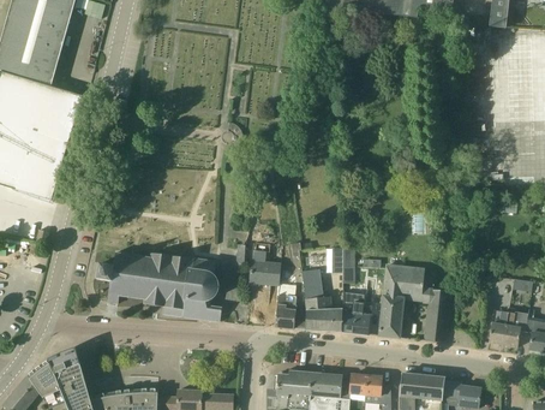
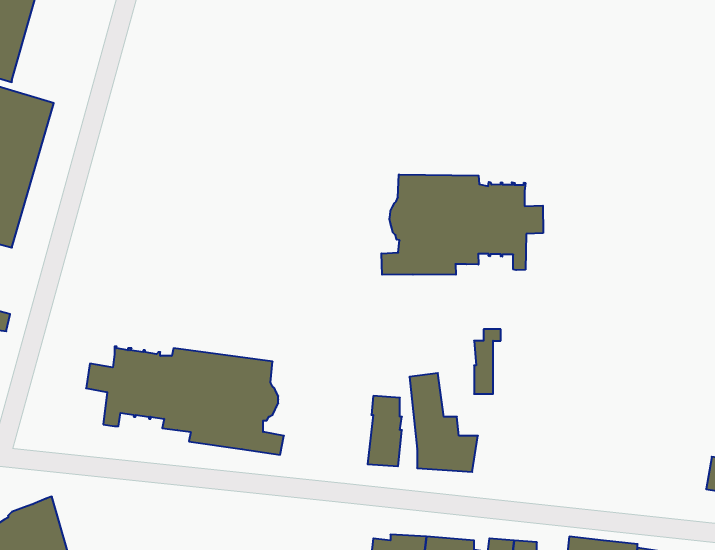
building: none -> [381,174,543,275]
building: [250,259,281,284] -> none
building: [379,263,450,341] -> none
building: [341,291,371,334] -> none

